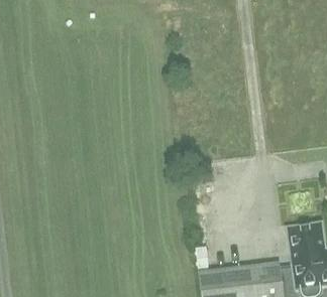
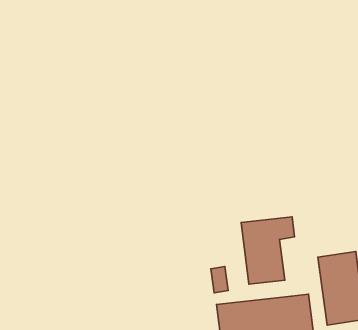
building: none -> [241,217,294,284]

